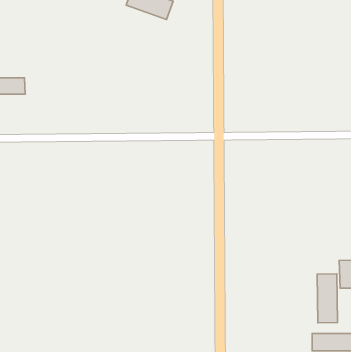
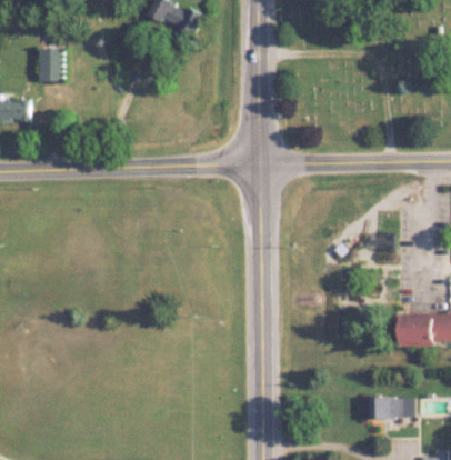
building: none -> [39,48,66,80]
building: [317,274,338,323] -> none

